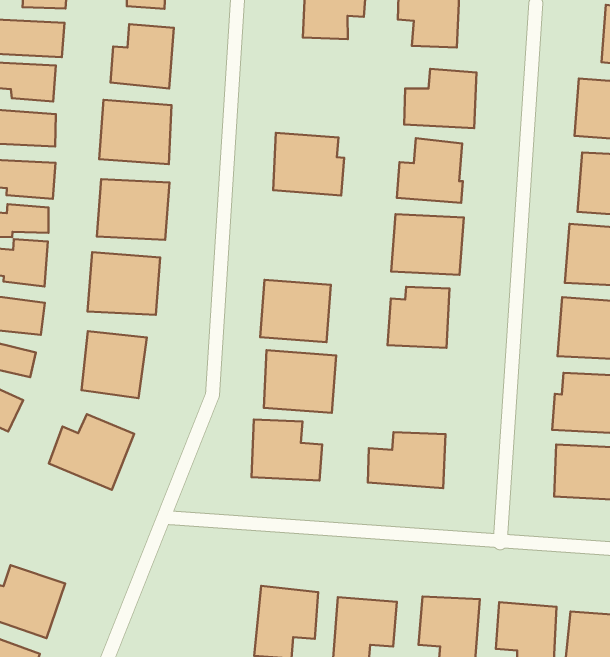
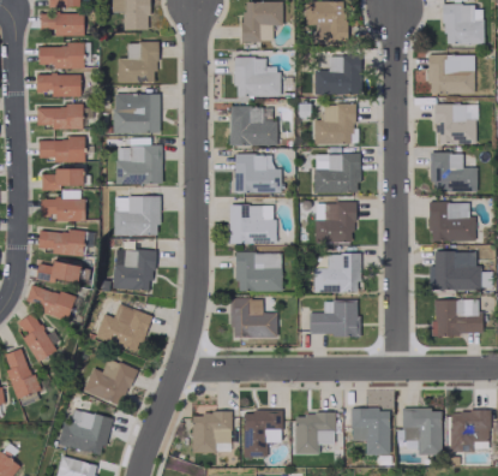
building: none -> [235,58,281,97]
building: none -> [234,154,281,194]
building: none -> [313,254,360,293]
building: none -> [84,358,137,406]
building: none -> [192,413,232,452]

